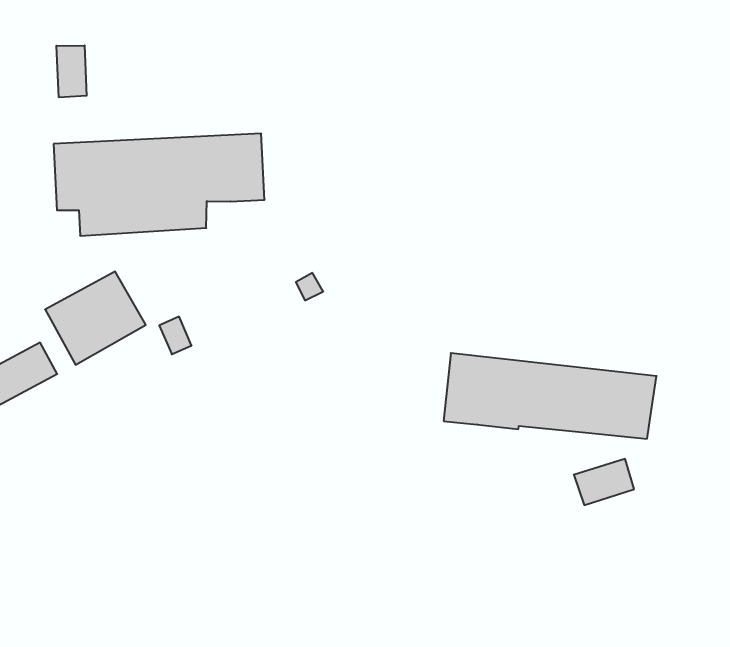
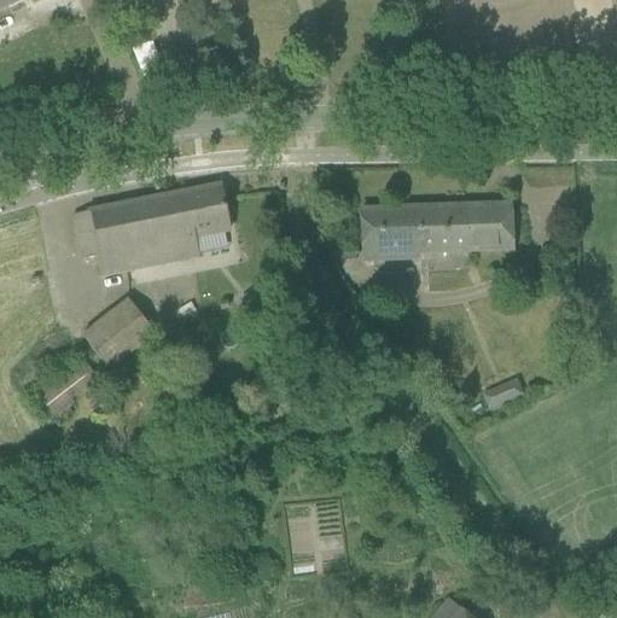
building: [56,45,87,97] -> none
building: [444,353,657,439] -> [362,200,512,256]

